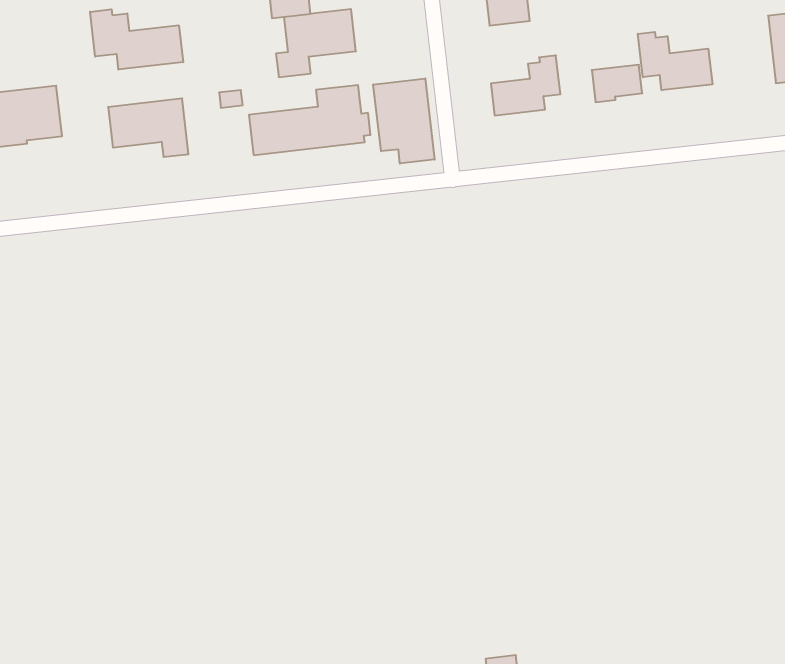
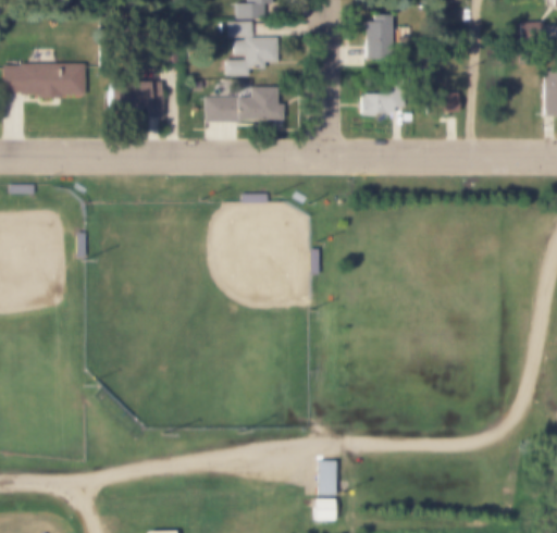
building: [90,9,183,70] -> none
building: [638,32,712,90] -> none
building: [373,78,435,164] -> none

